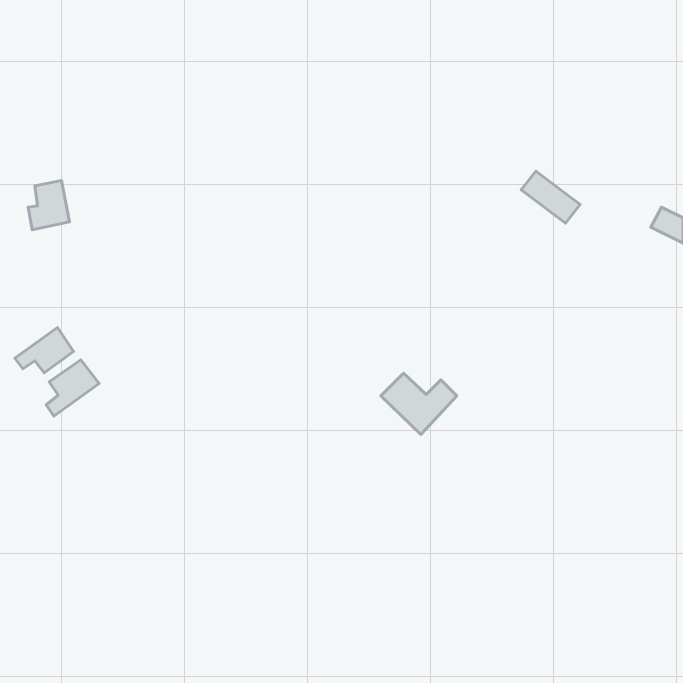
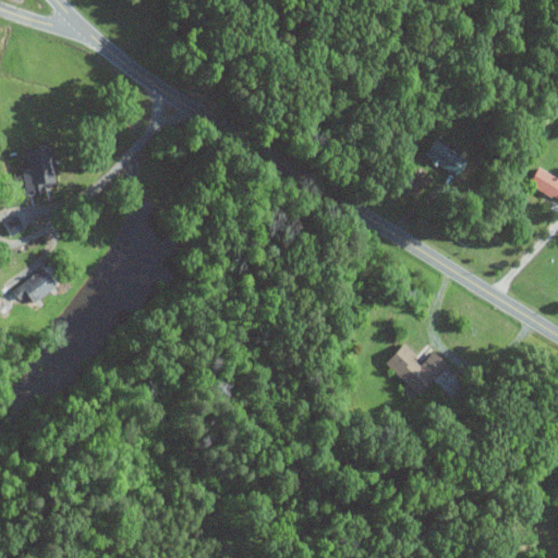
building: [46,360,99,416] -> none
building: [381,373,457,435] -> [387,345,449,396]

